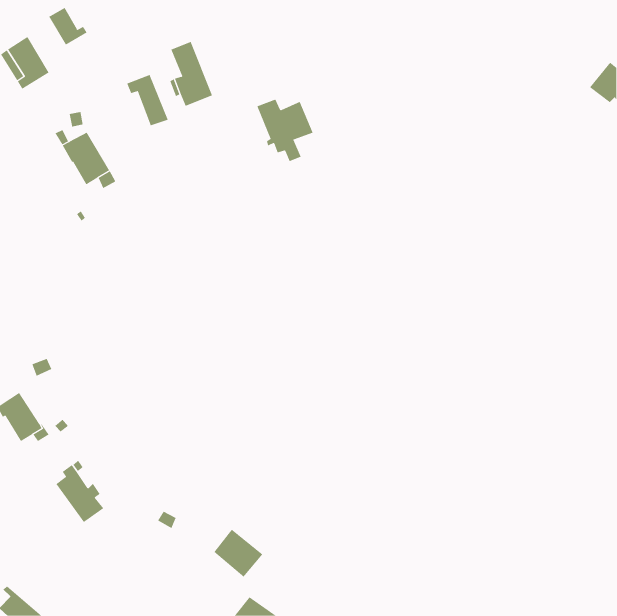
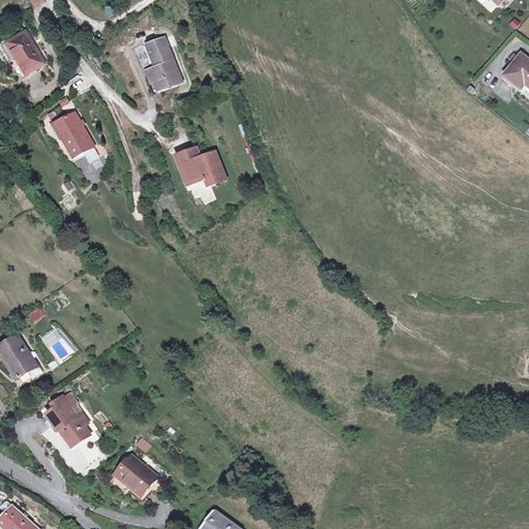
building: [48,7,87,45] -> none
building: [127,74,168,126] -> none
building: [257,99,313,162] -> [178,149,226,203]
building: [213,529,263,577] -> [115,455,157,496]

